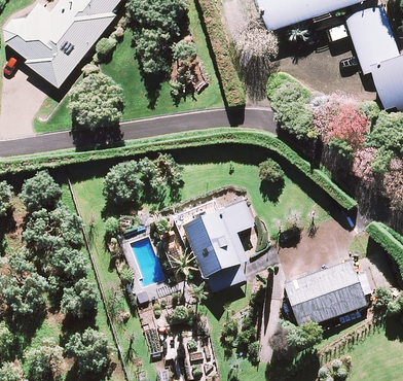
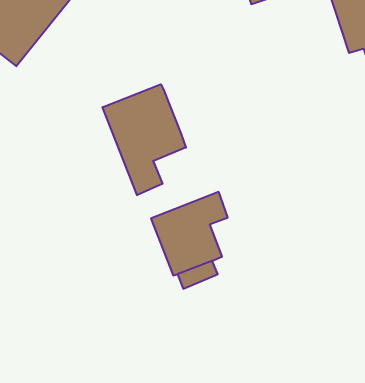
building: none -> [103,84,186,195]
building: [282,262,363,330] -> none

